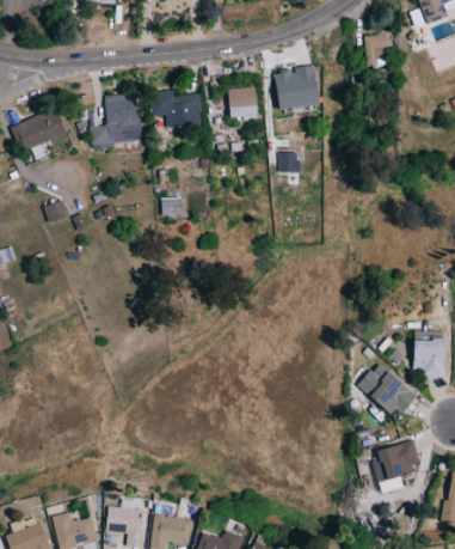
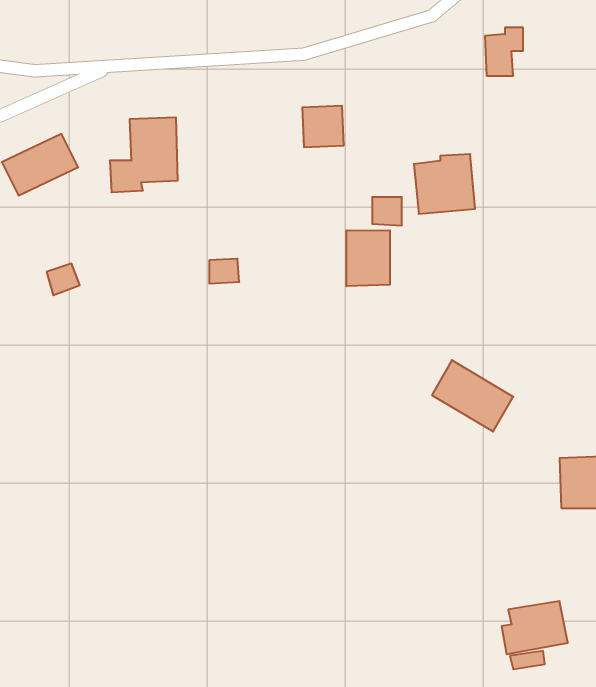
building: [277,65,321,108] -> [414,154,475,214]
building: [152,91,203,128] -> none
building: none -> [346,230,390,286]
building: [359,365,418,416] -> [432,360,513,432]

